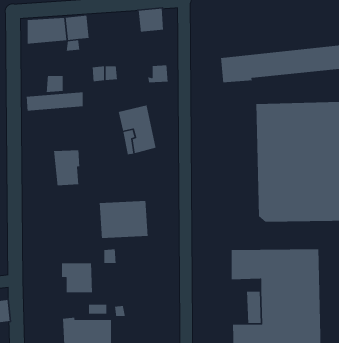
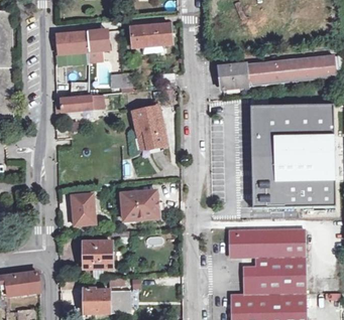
building: none -> [130,26,151,48]
building: [53,149,80,186] -> [71,193,94,224]

